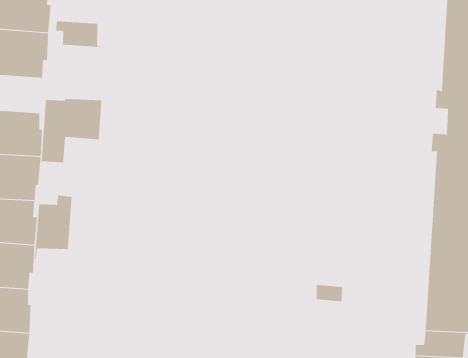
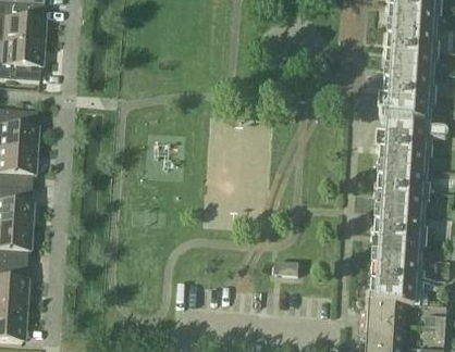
building: [55,20,106,48] -> none
building: [41,98,102,163] -> none
building: [35,195,72,260] -> none

